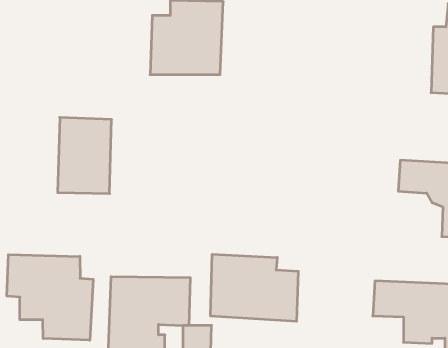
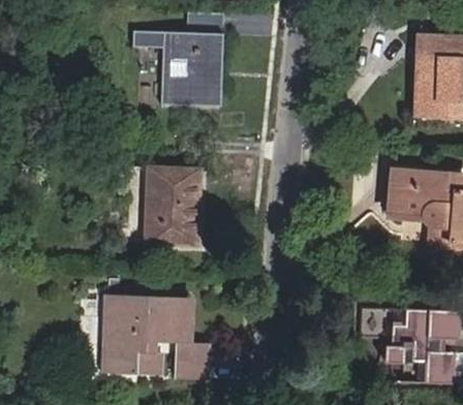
building: [58,117,112,194] -> [142,168,194,243]
building: [211,254,298,321] -> none
building: [7,255,93,340] -> none

